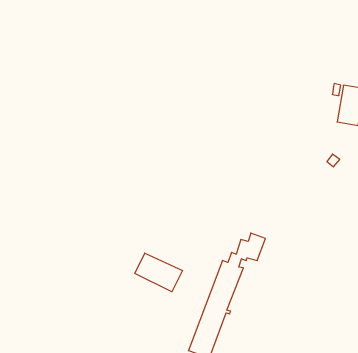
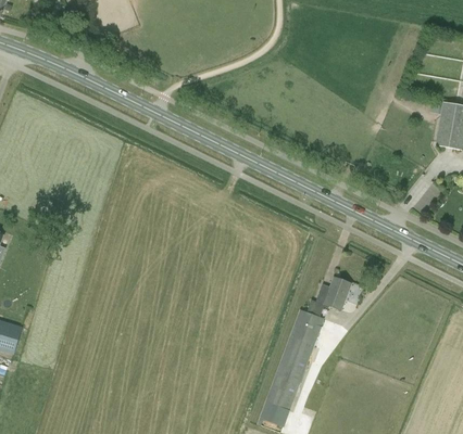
building: [135,253,183,292] -> none

